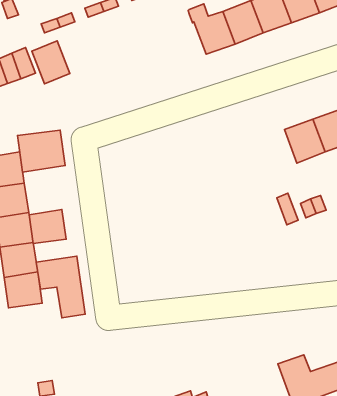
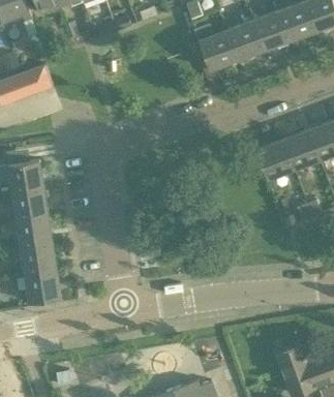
building: [32,41,70,84] -> none
building: none -> [256,139,295,179]
building: [17,130,65,172] -> none
building: [29,210,66,243] -> none
building: [36,256,85,318] -> none

